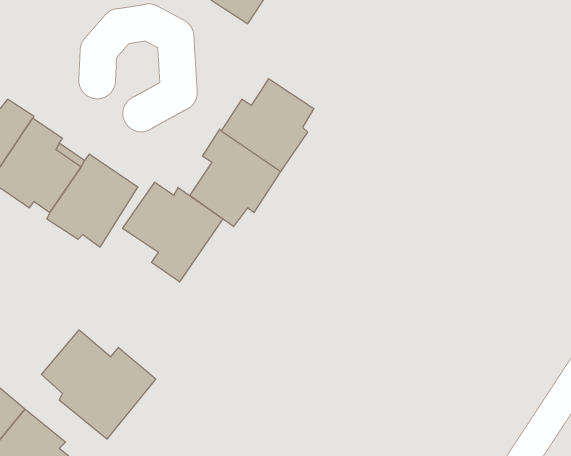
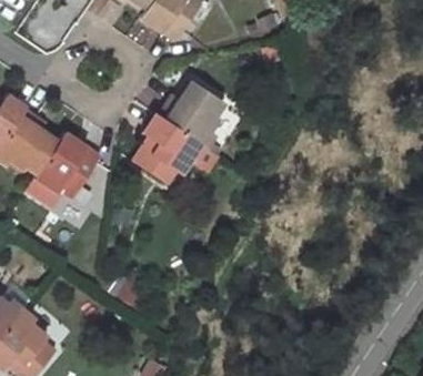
building: [123,182,223,282] -> none
building: [41,330,156,439] -> none

